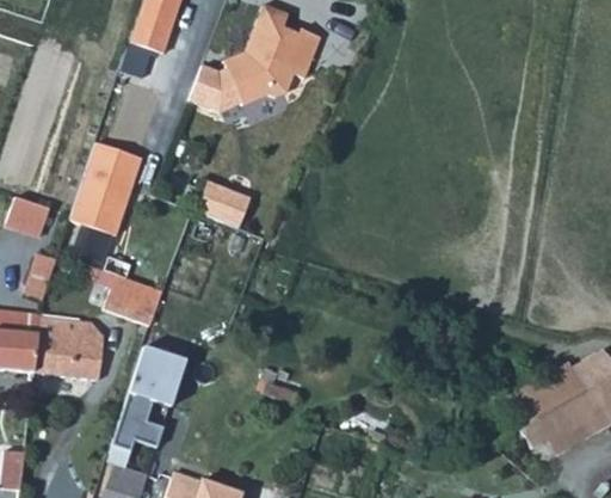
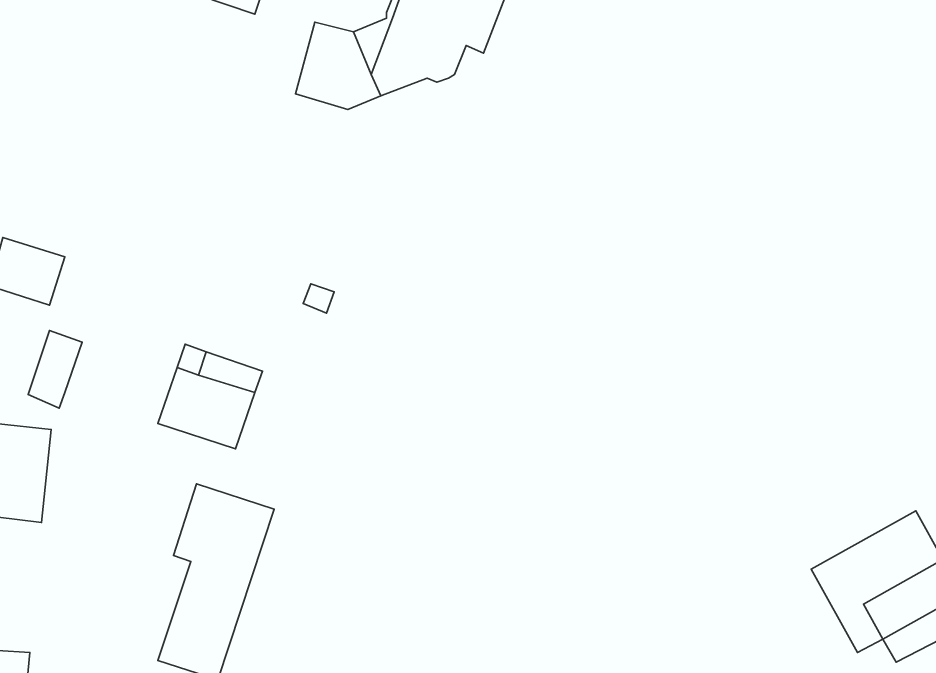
building: [70,142,142,235] -> none
building: [198,186,247,227] -> none
building: [32,312,100,376] -> none

